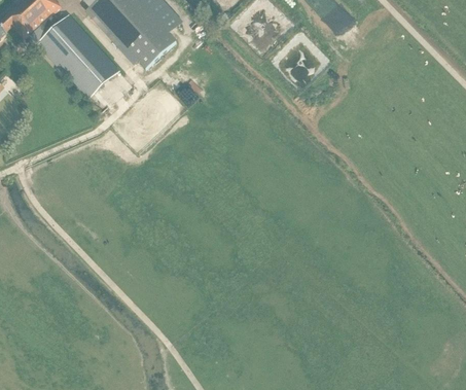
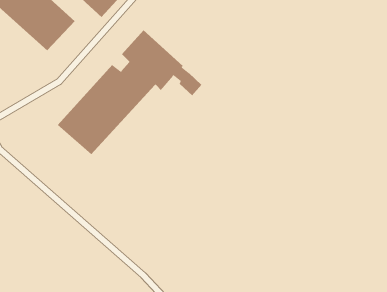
building: none -> [57,29,202,155]

